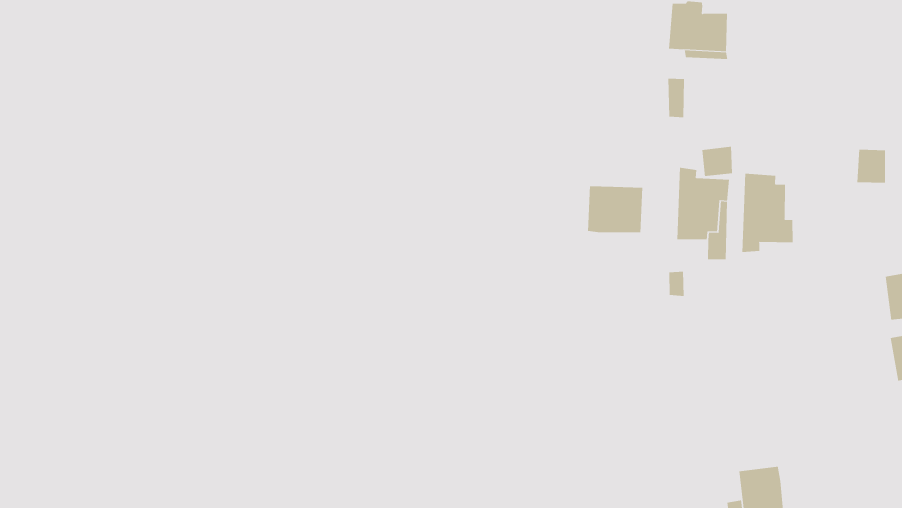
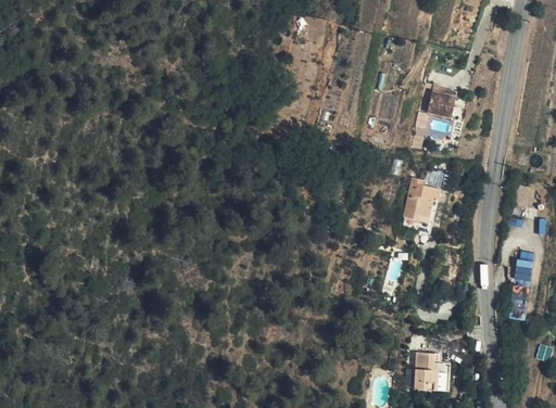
building: [742,173,793,253] -> none
building: [587,186,643,233] -> none

